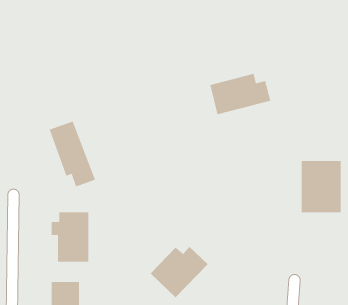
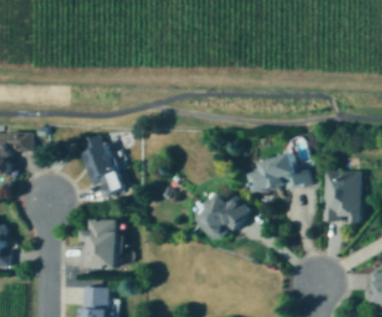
building: [209,73,271,115] -> [248,153,308,193]
building: [150,246,209,298] -> [195,192,251,243]

